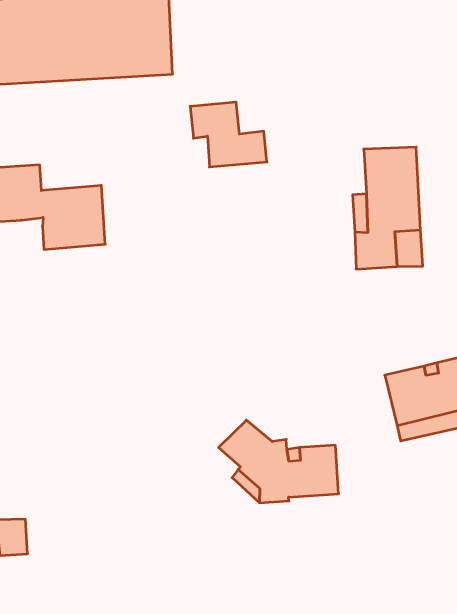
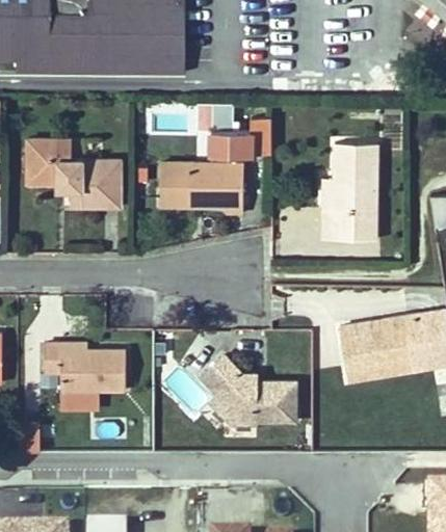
building: none -> [160,162,244,213]
building: none -> [45,345,126,391]

